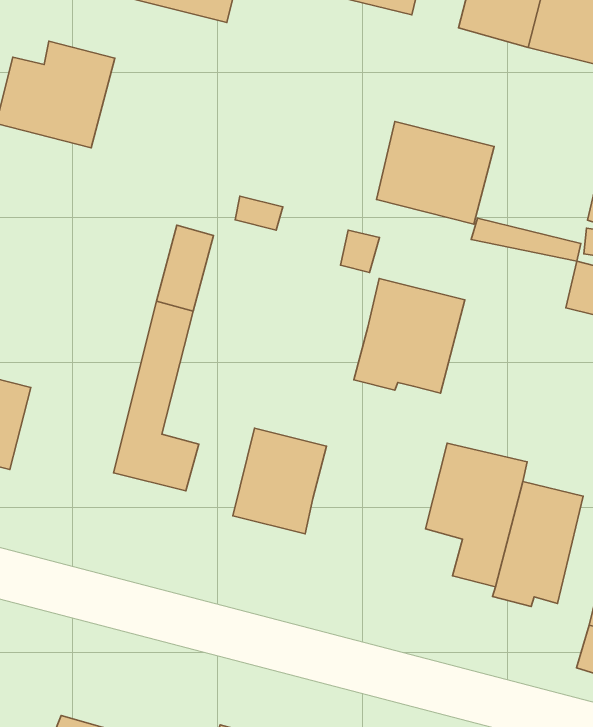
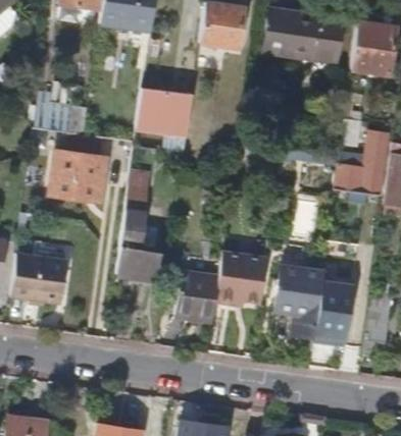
building: [376,121,494,224] -> [137,88,194,135]
building: none -> [49,151,107,201]
building: [354,278,465,393] -> [216,248,268,304]

